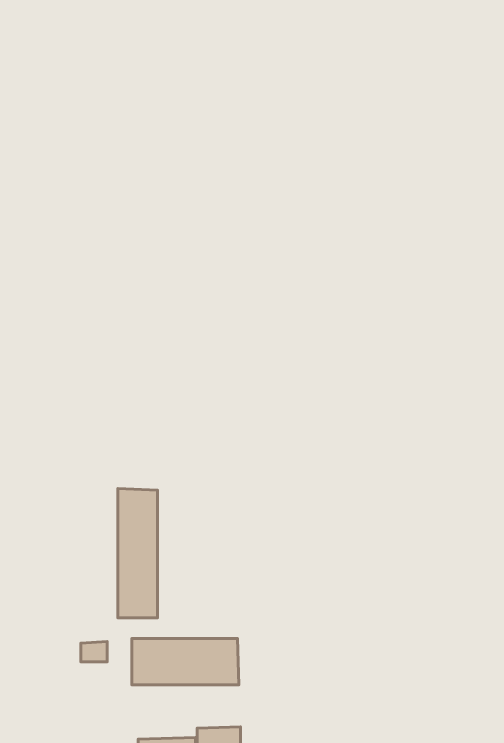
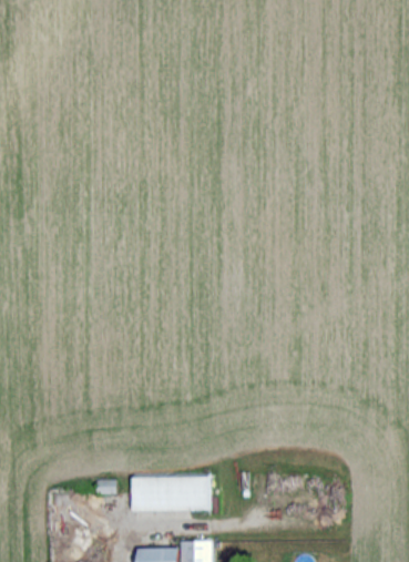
building: [118,488,158,618] -> none

